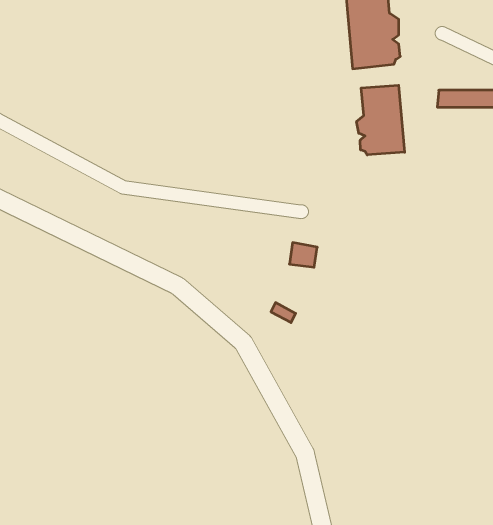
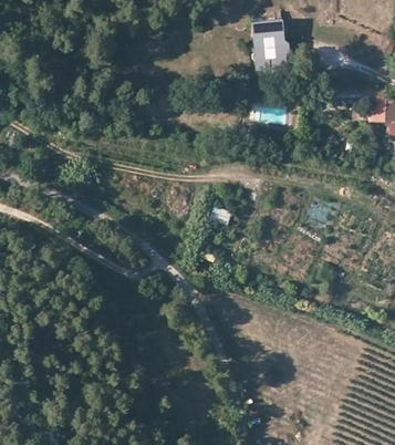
building: [357,85,405,155] -> none

